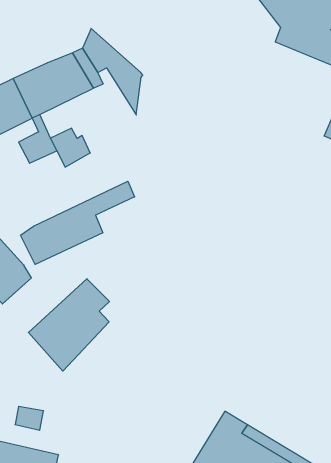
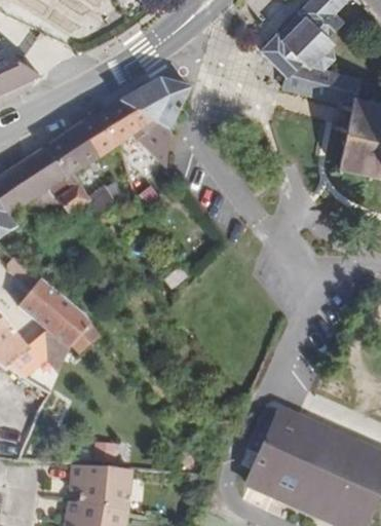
building: none -> [110,69,181,125]
building: [21,181,135,264] -> none
building: [28,279,109,371] -> none

